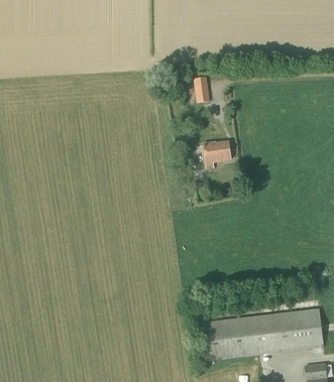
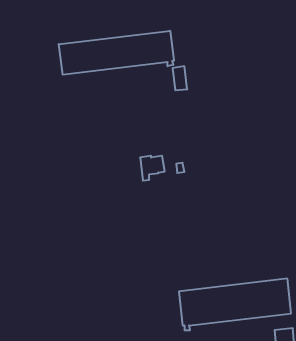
building: none -> [59,31,174,75]
building: [203,140,230,167] -> [140,156,165,181]

